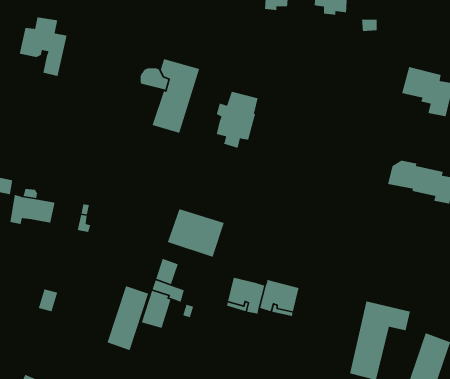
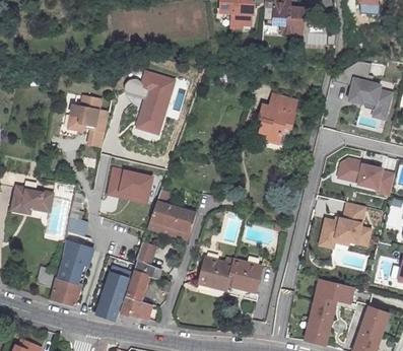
building: [19,16,67,77] -> [68,95,110,147]
building: [216,91,258,149] -> [259,95,295,145]
building: none -> [106,166,154,205]
building: none -> [317,203,373,250]
building: none -> [50,240,92,305]
building: none -> [120,297,153,321]

